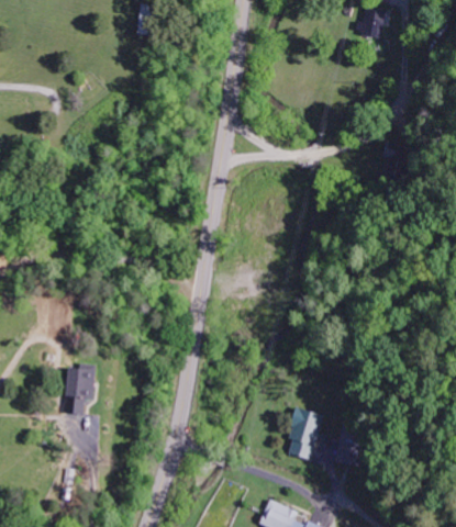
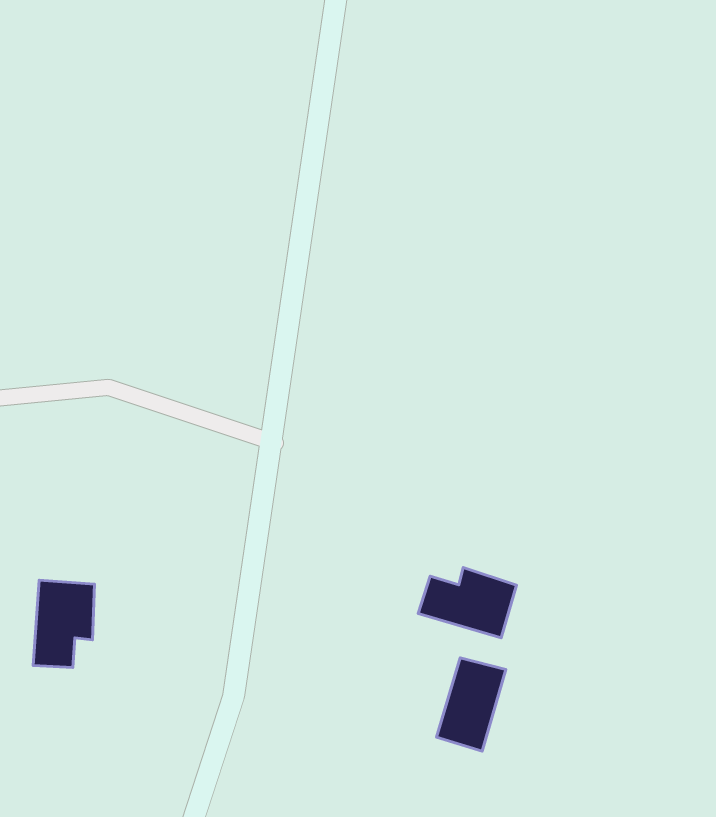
building: none -> [418,568,517,638]

